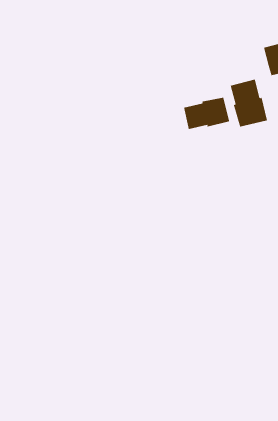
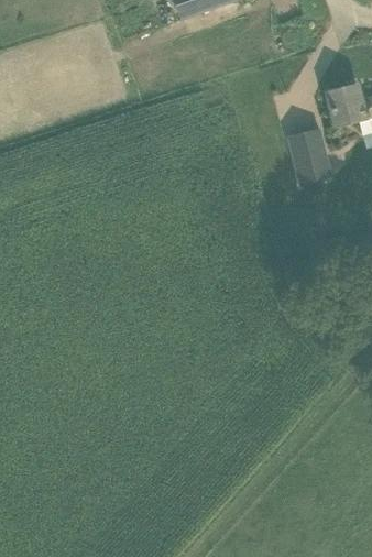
building: [184,97,230,130] -> none

